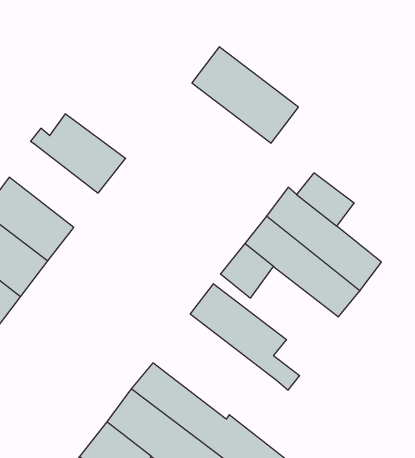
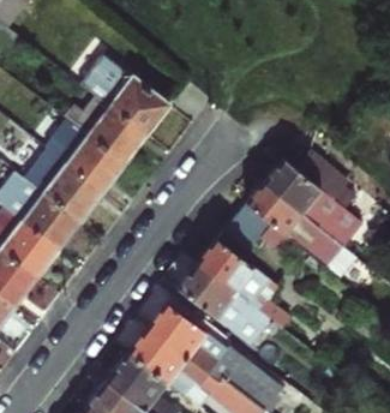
building: [192,47,298,143] -> [79,54,168,134]
building: none -> [48,122,122,192]
building: none -> [180,264,271,345]

